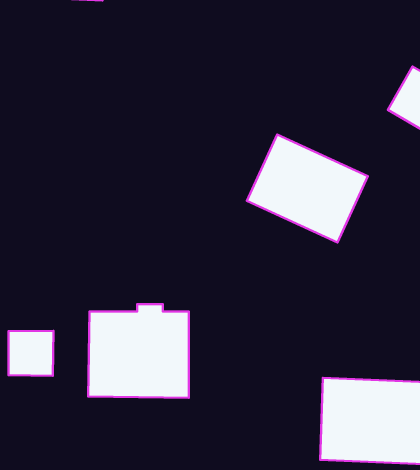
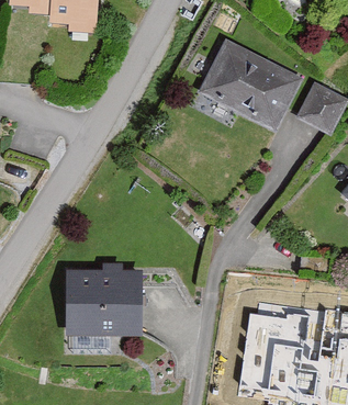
building: [247,134,368,243] -> [203,43,295,125]
building: [9,331,54,376] -> none

